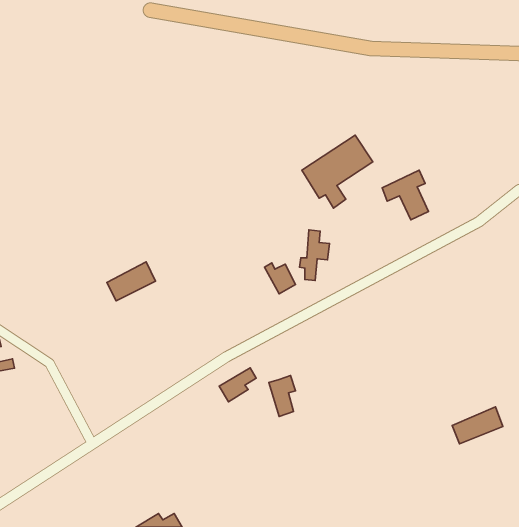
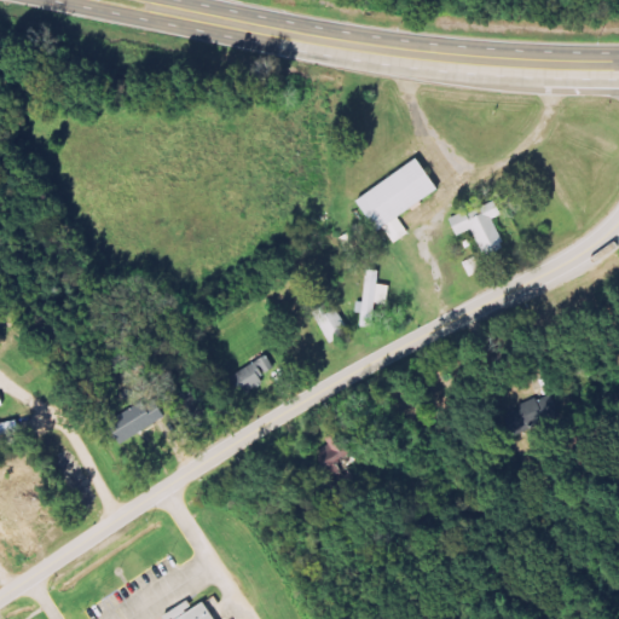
building: [107,262,155,301] -> [106,397,163,442]
building: [219,368,256,402] -> [227,355,271,395]
building: [452,407,503,444] -> [494,394,554,438]

